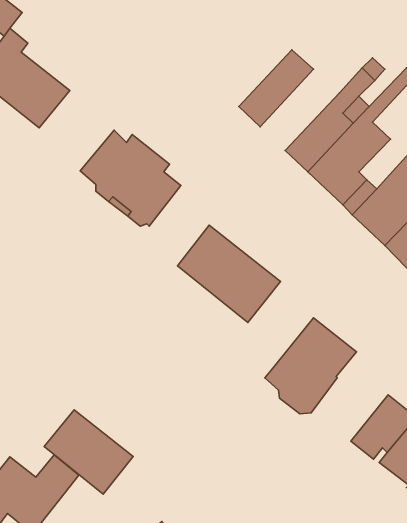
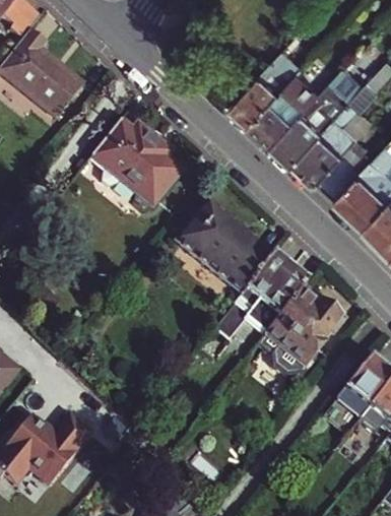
building: none -> [254,65,325,138]
building: none -> [215,256,307,337]
building: [44,410,133,494] -> none

